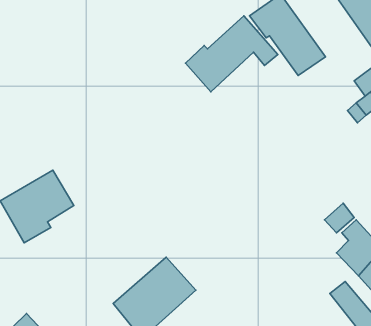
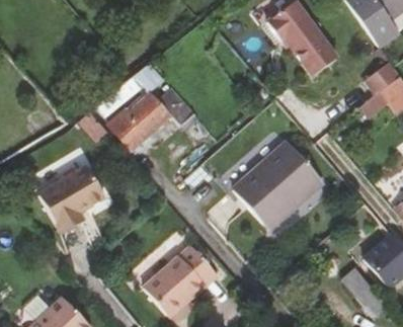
building: [185,16,278,92] -> [108,80,193,150]
building: none -> [233,141,322,226]

